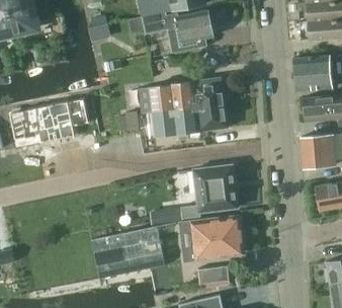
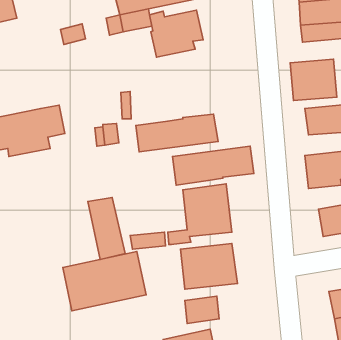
building: [151,79,223,113] -> [173,146,254,185]
building: none -> [88,198,125,259]

